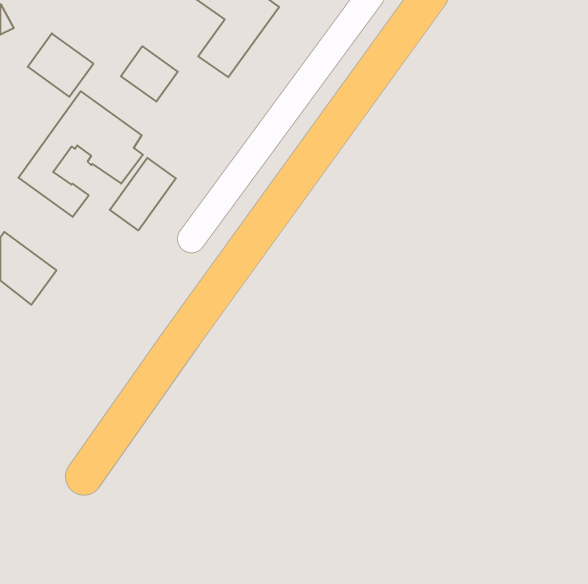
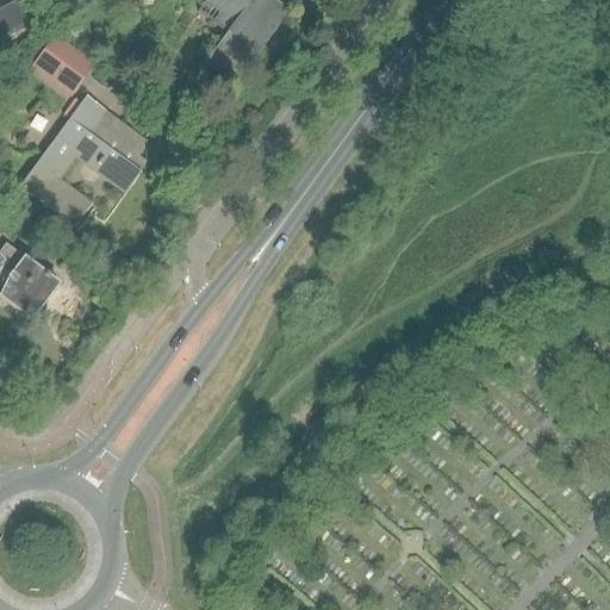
building: [121,46,178,102] -> none
building: [110,158,176,230] -> none

